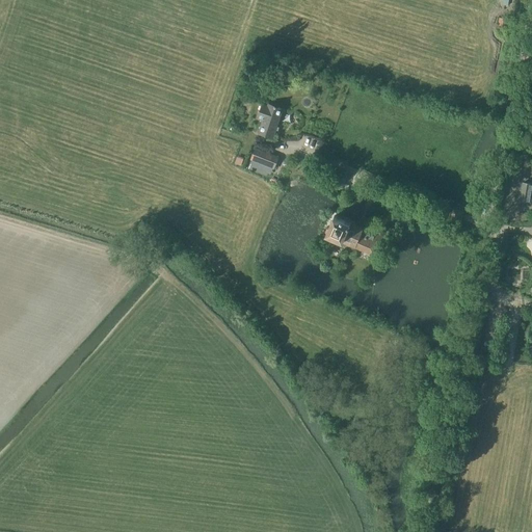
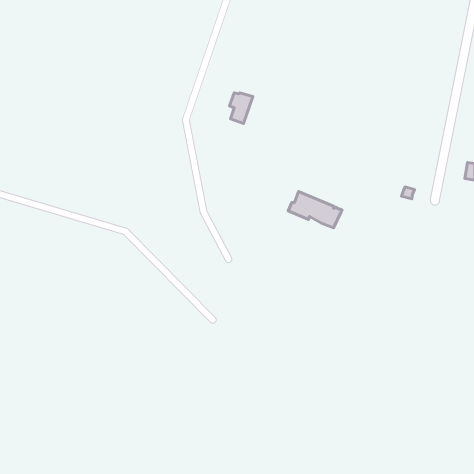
building: [249,147,281,177] -> none

